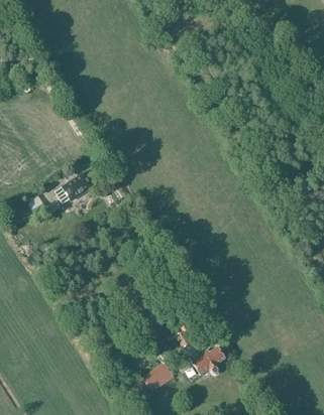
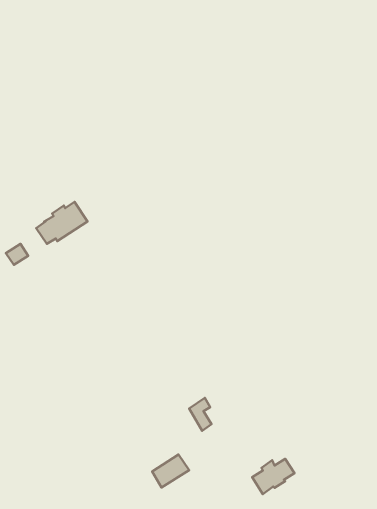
building: [192,348,224,375] -> [252,459,294,494]

